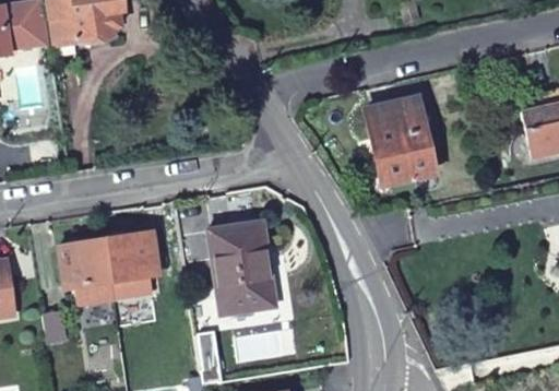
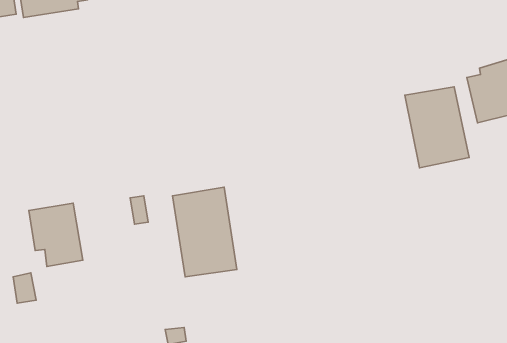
building: [364,95,430,179] -> [405,87,469,168]
building: [107,233,160,298] -> none

